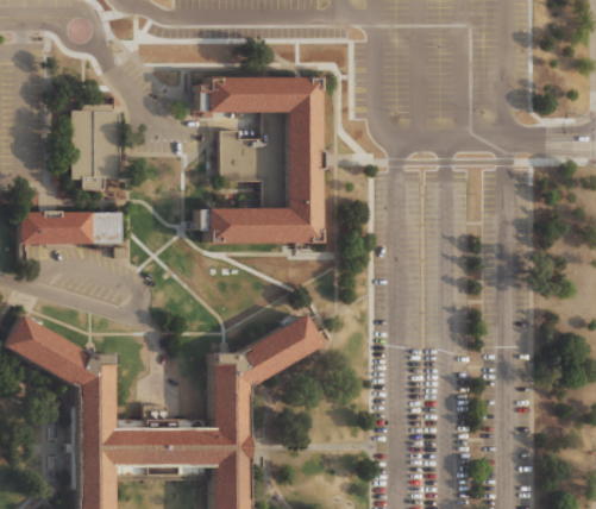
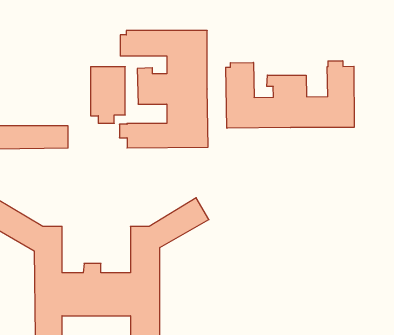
building: [74,111,123,190] -> [91,67,125,123]
building: none -> [226,61,354,128]

